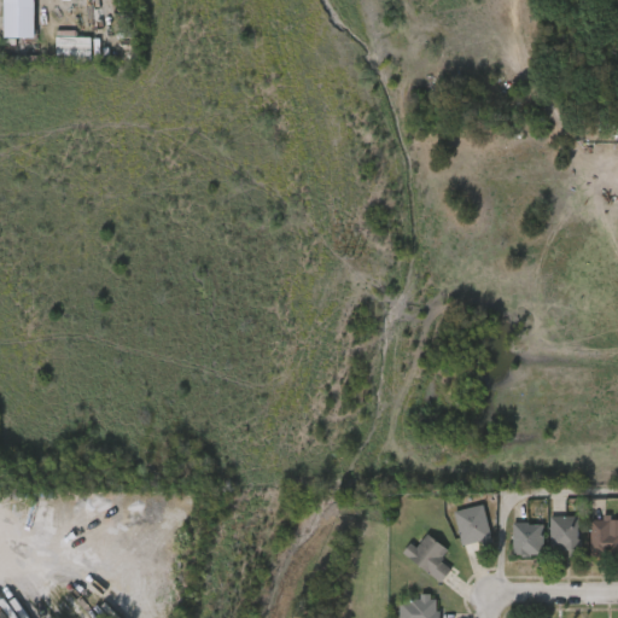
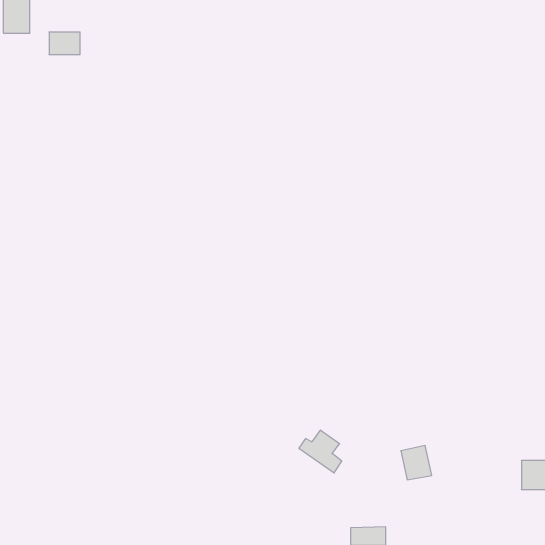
building: [550,515,579,552] -> none
building: [513,523,541,553] -> none
building: [401,532,449,581] -> [299,430,342,473]

